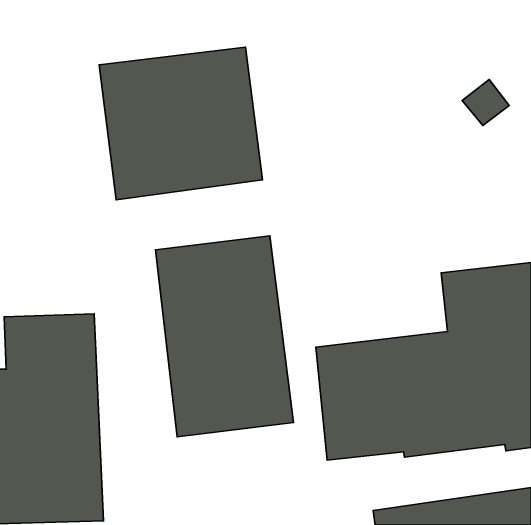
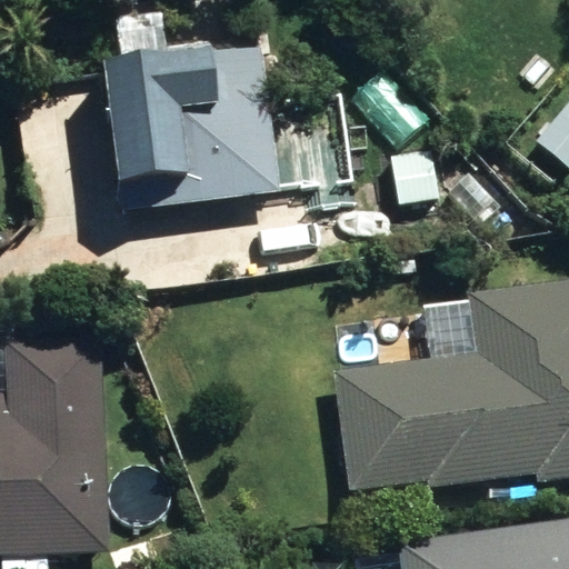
building: [155,236,293,437] -> none

